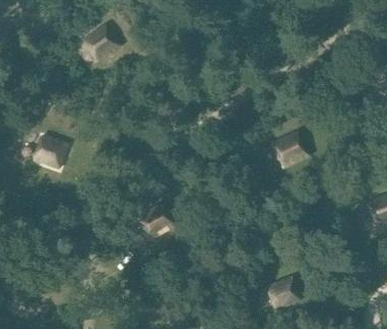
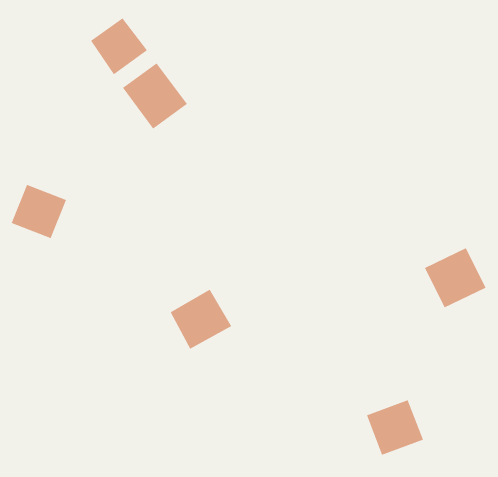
building: none -> [122,62,188,129]
building: [269,130,310,170] -> [424,247,486,308]

